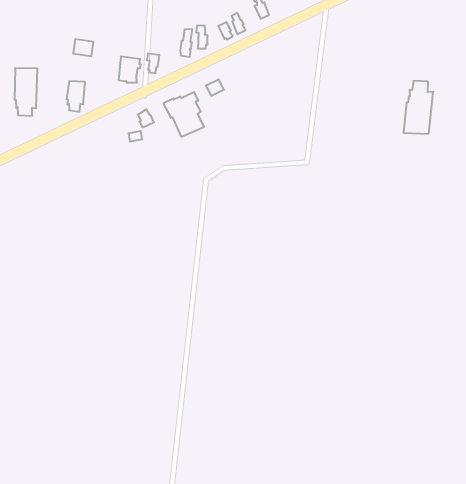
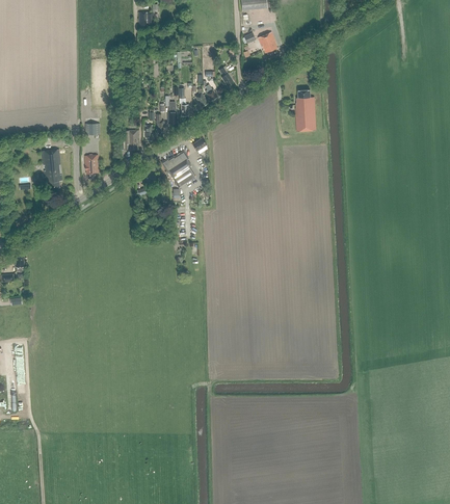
building: [403,81,433,134] -> [294,88,315,131]

